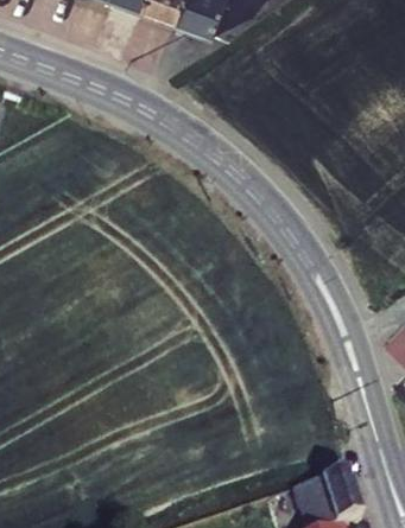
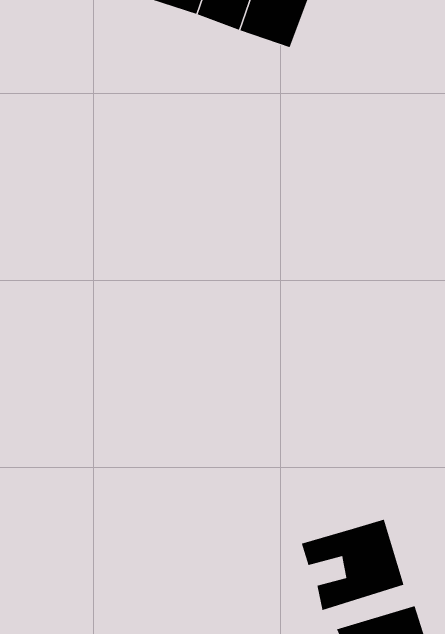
building: none -> [301,519,404,611]

